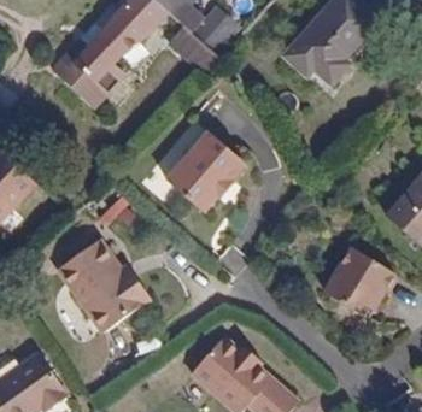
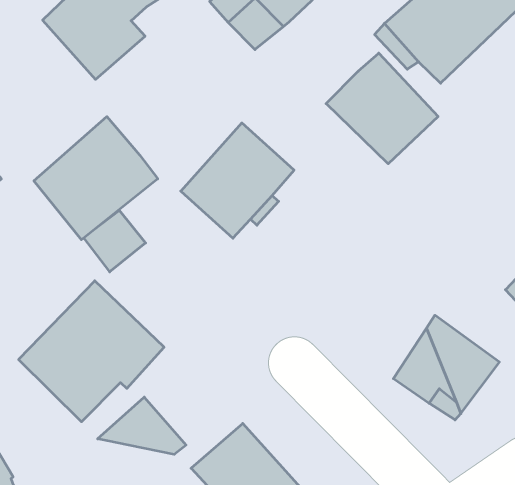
building: none -> [326,53,438,164]
building: none -> [34,117,158,240]
building: none -> [98,397,186,454]

